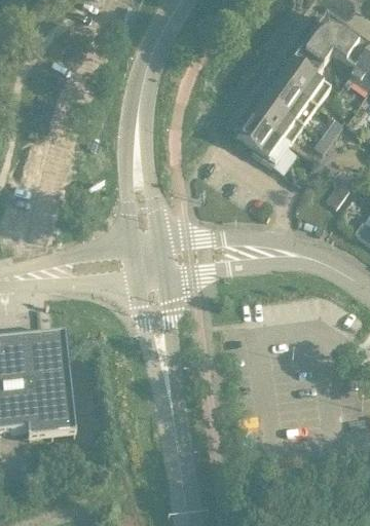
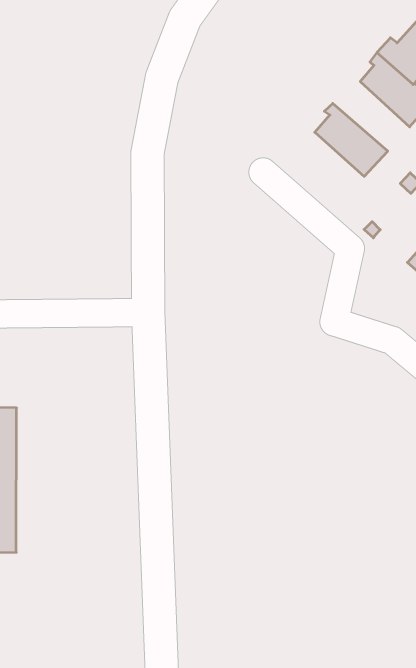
building: [259,75,314,121] -> none
building: [231,114,287,163] -> none

